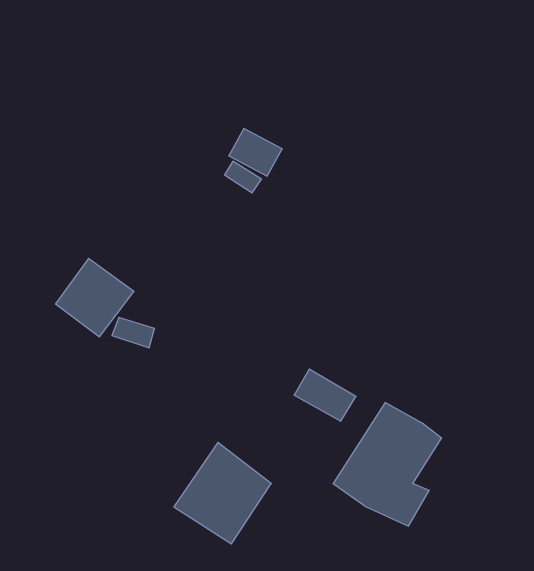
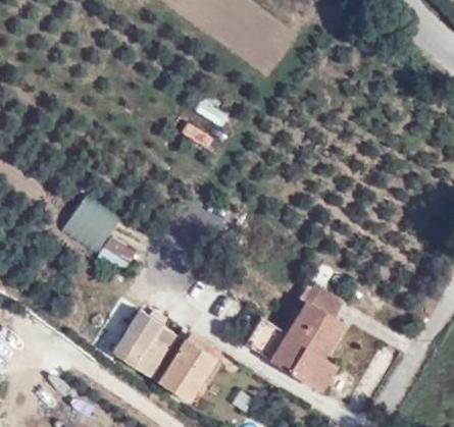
building: [294,369,356,421] -> [298,277,344,316]
building: none -> [109,303,181,378]

